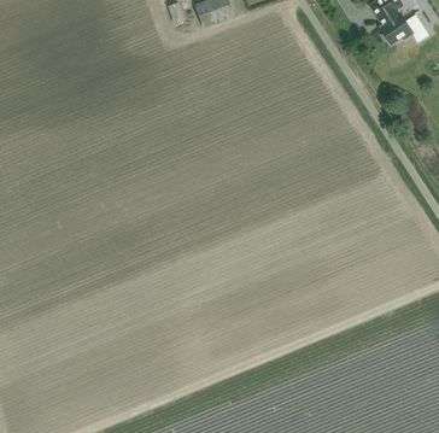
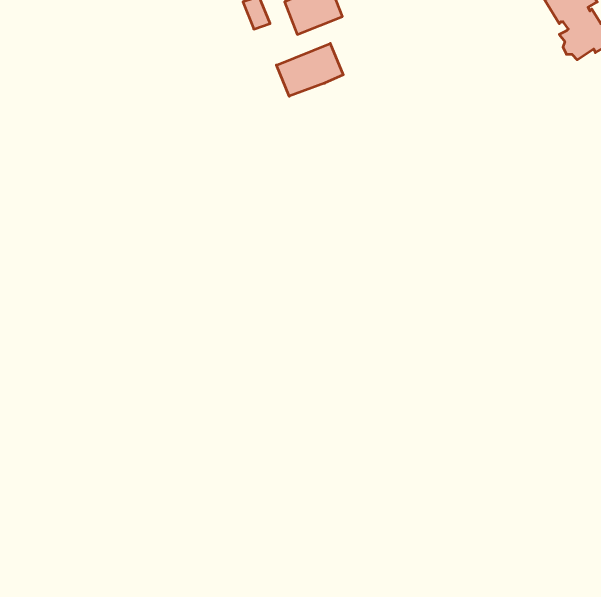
building: none -> [276,43,343,96]

